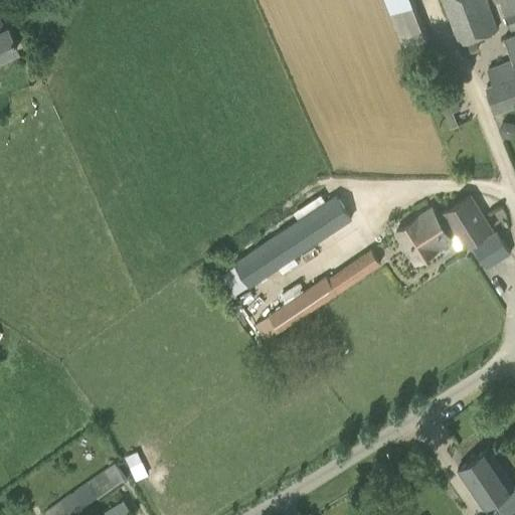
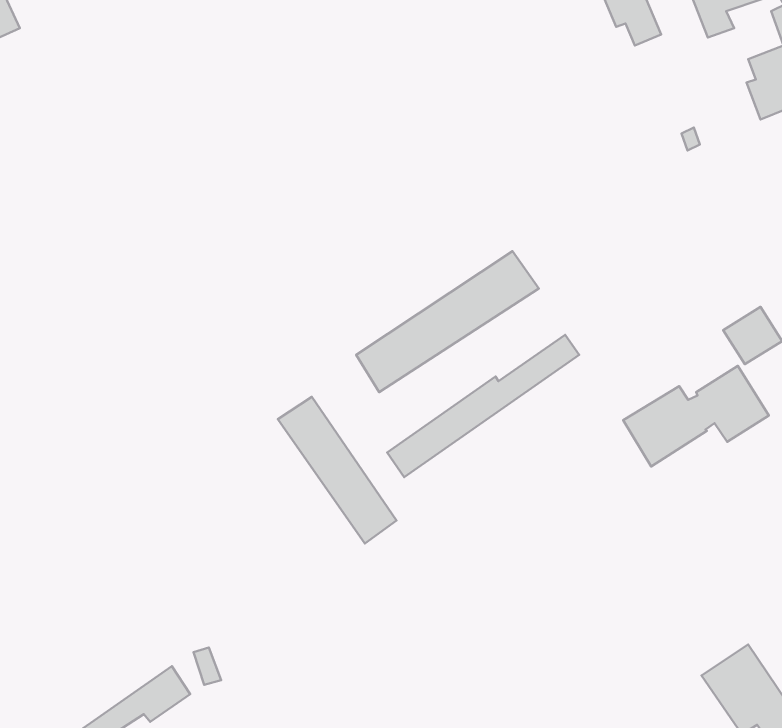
building: [397,198,492,264] -> [623,366,769,467]
building: none -> [278,397,397,544]

